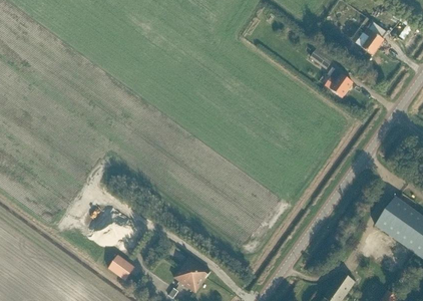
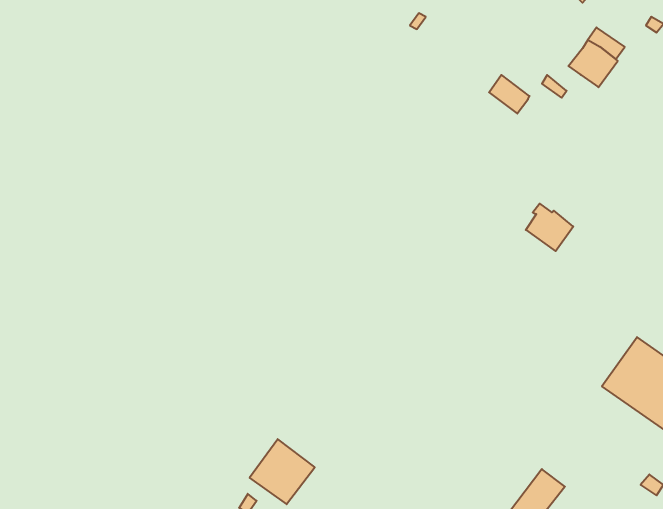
building: [326,69,353,96] -> [526,204,573,251]
building: [108,254,135,280] -> none

